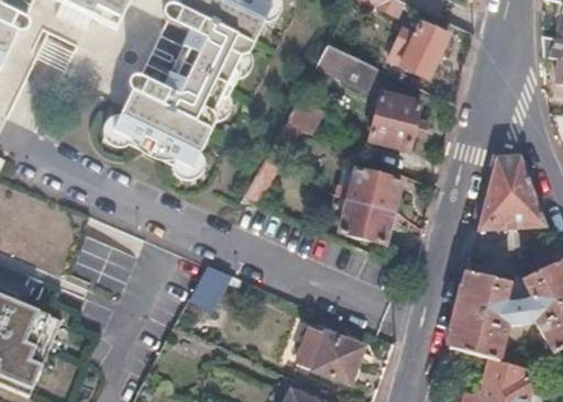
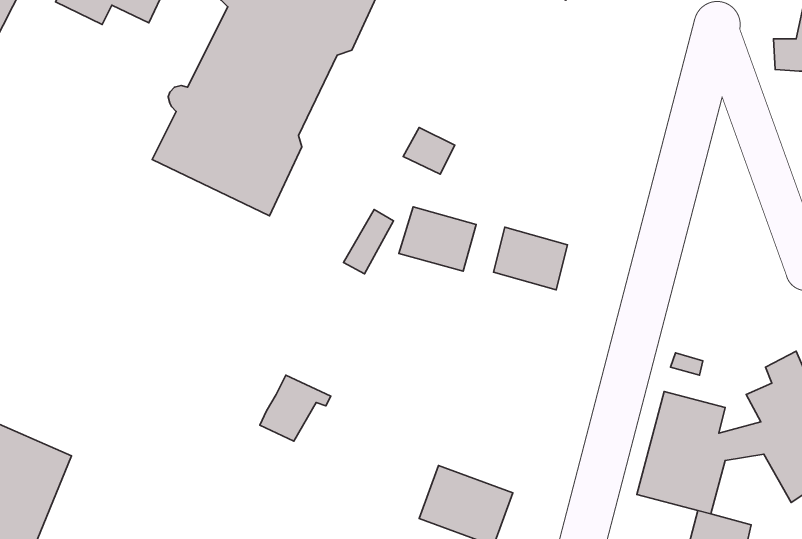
building: [394,19,451,75] -> none
building: [317,40,376,86] -> none
building: [372,90,421,148] -> none
building: [479,159,545,230] -> none
building: [340,197,393,241] -> [399,207,476,271]

